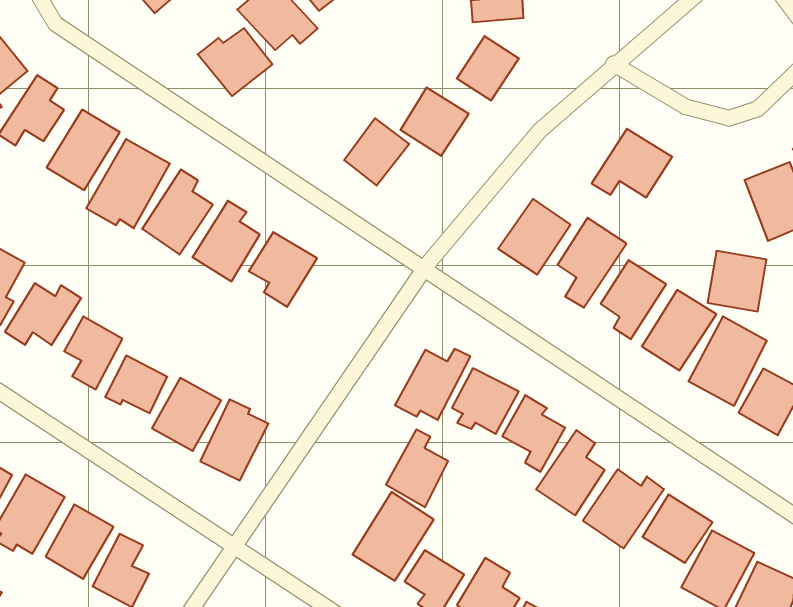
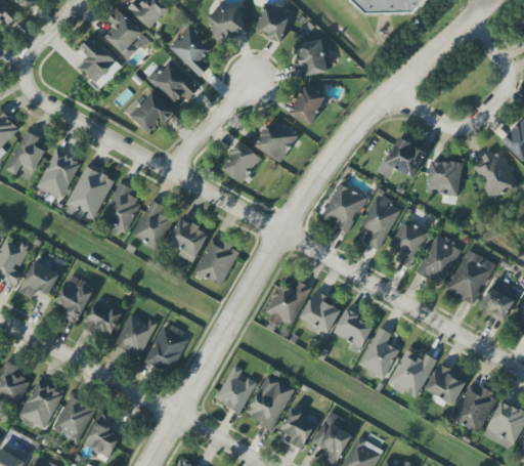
building: [708,251,767,311] -> [427,160,462,196]
building: none -> [194,237,239,286]
building: [386,429,448,507] -> [217,365,255,413]

